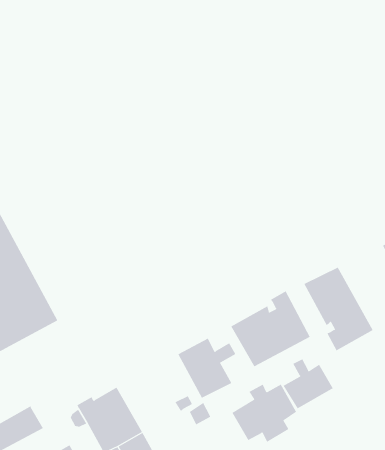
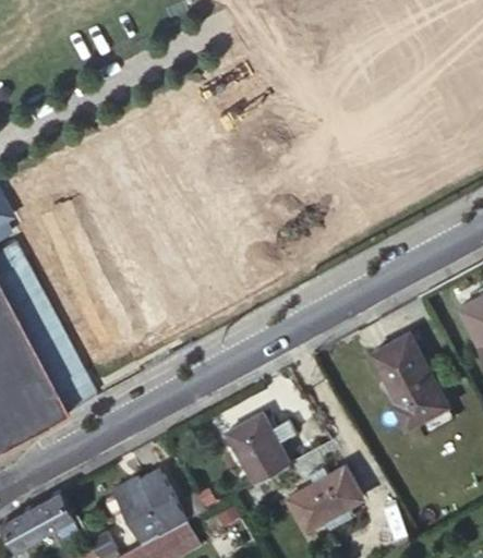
building: [231,291,311,367] -> none
building: [283,358,334,409] -> none

